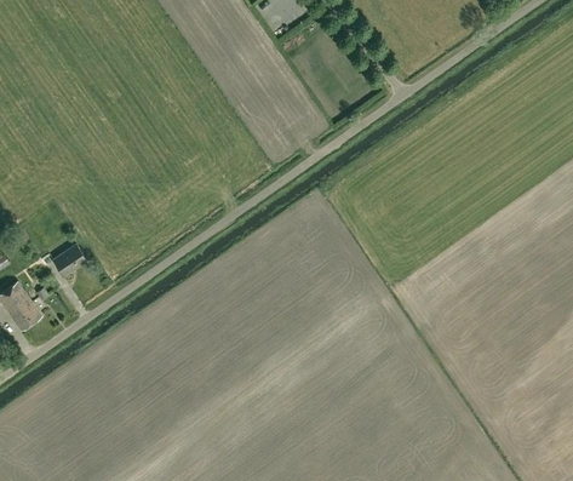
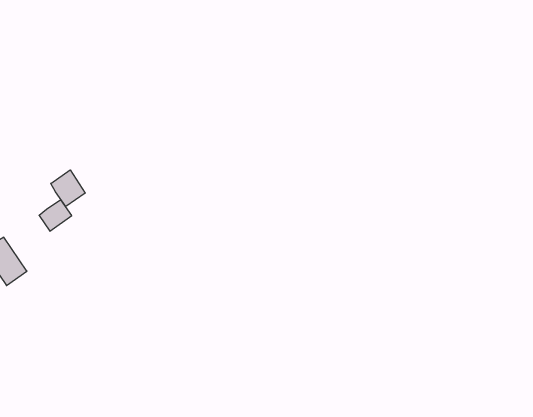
building: none -> [51,170,85,206]

